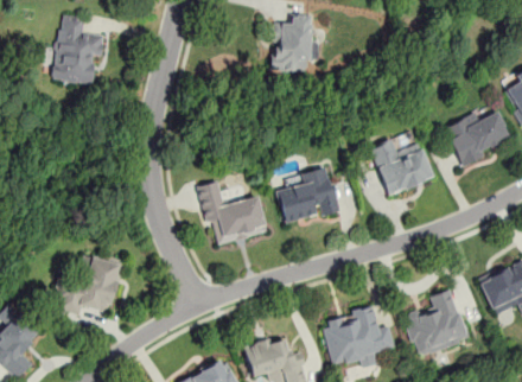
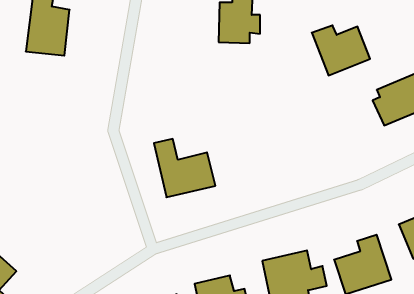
building: [368,140,434,197] -> [312,25,370,75]
building: [276,164,340,225] -> none
building: [50,255,123,314] -> none

